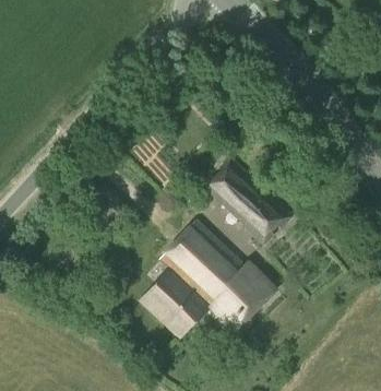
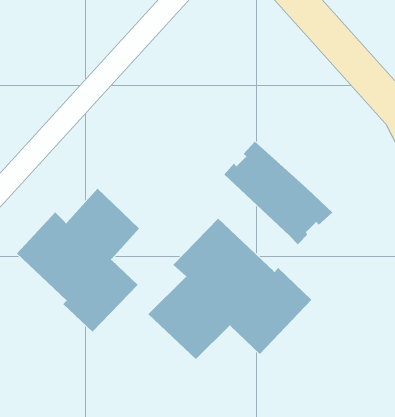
building: none -> [16,188,140,333]

